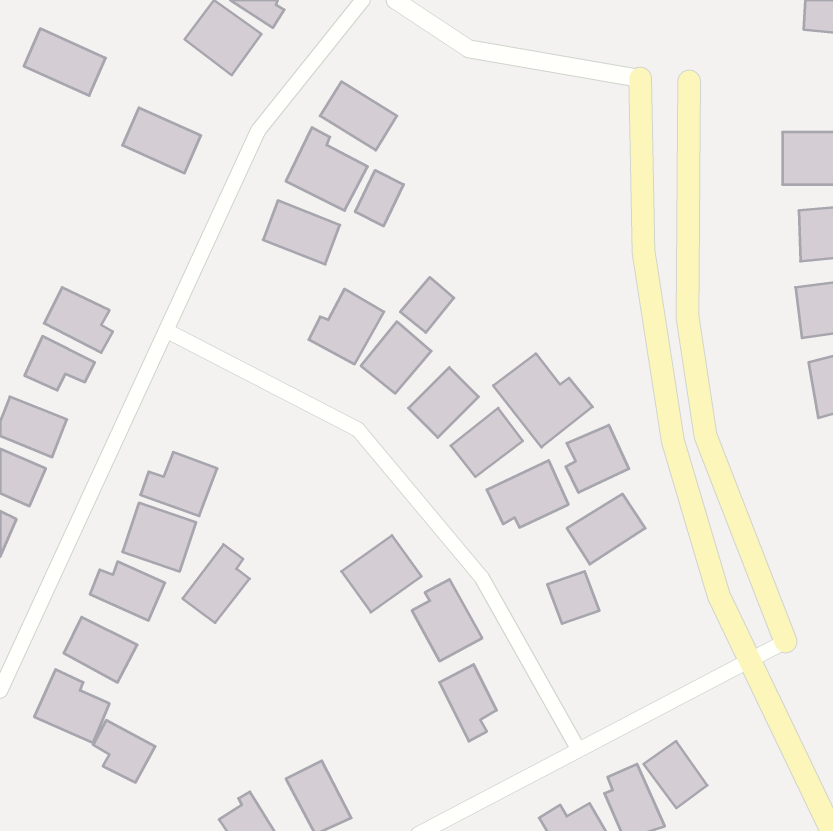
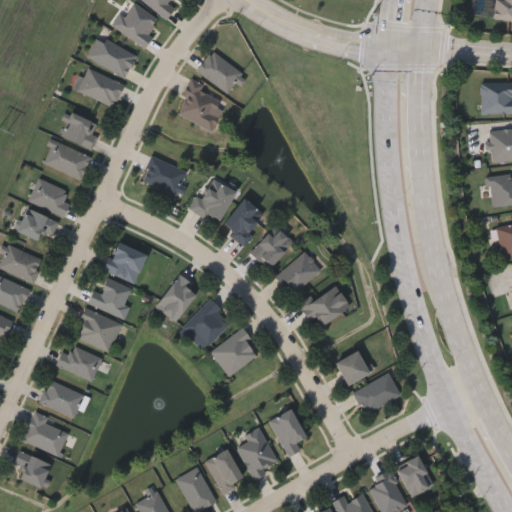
building: [24,29,106,96] -> [87,37,137,78]
building: [355,170,404,226] -> none
building: none -> [60,113,98,151]
building: [263,201,340,264] -> [141,157,188,196]
building: none -> [44,141,91,180]
building: [400,277,454,333] -> none
building: [493,354,593,447] -> none
building: none -> [103,242,147,284]
building: [566,425,629,493] -> none
building: none -> [182,300,232,350]
building: [567,494,645,564] -> [353,373,401,416]
building: [183,544,250,623] -> [155,275,196,323]
building: [412,579,482,661] -> [236,428,279,478]
building: [93,720,155,782] -> [13,450,51,488]
building: none -> [205,449,243,494]

